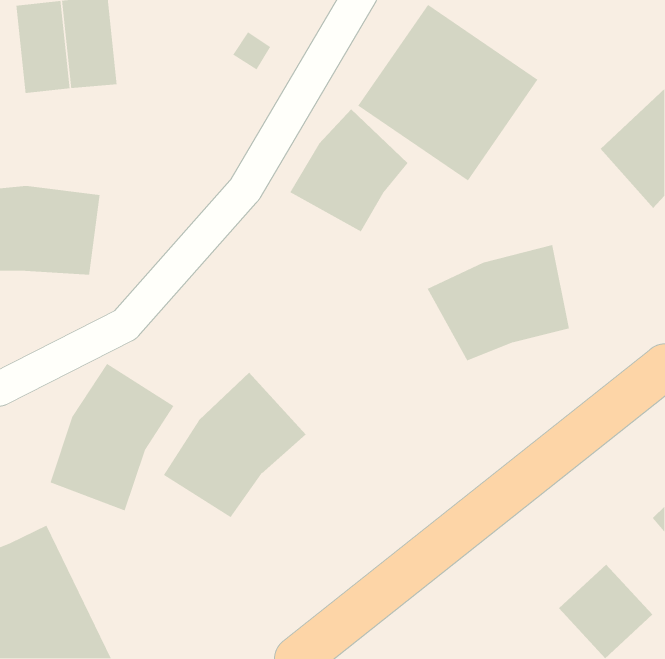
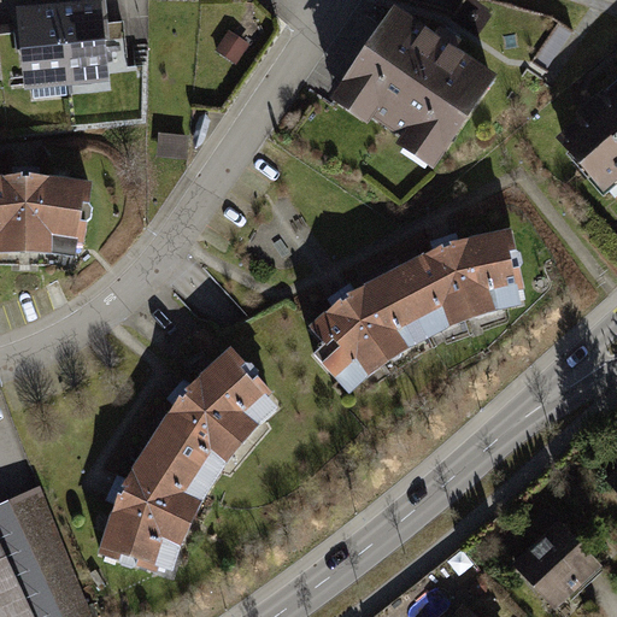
building: [289,109,408,233] -> none
building: none -> [306,266,431,393]
building: [49,363,175,512] -> [98,439,213,576]

